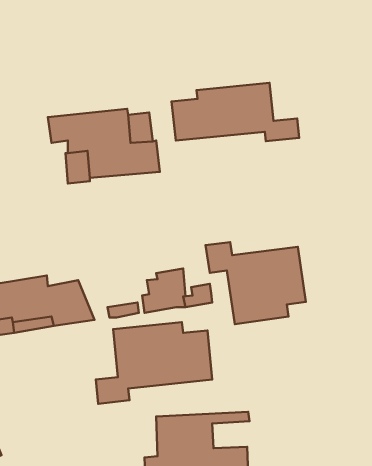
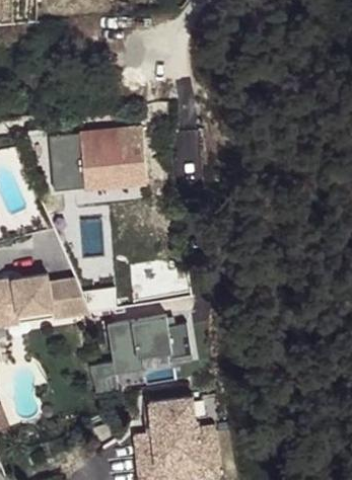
building: [172,83,299,141] -> none
building: [206,242,306,324] -> none

